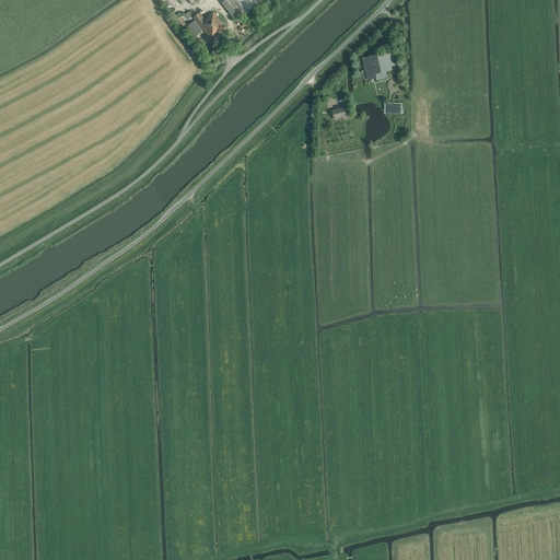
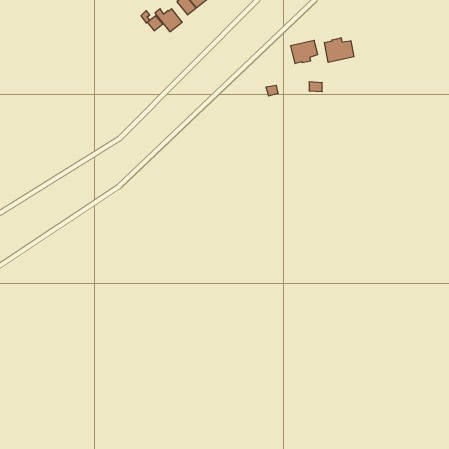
building: none -> [324,38,354,62]

